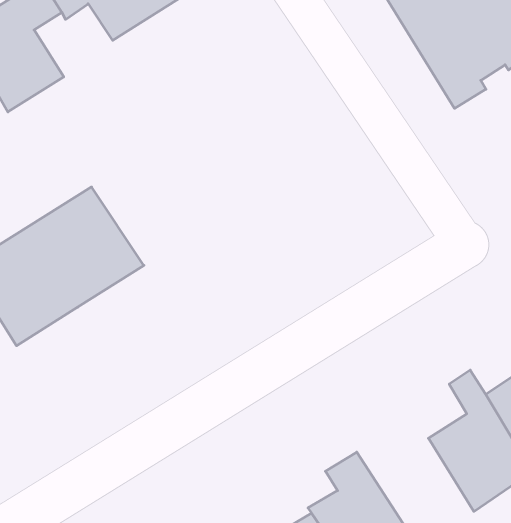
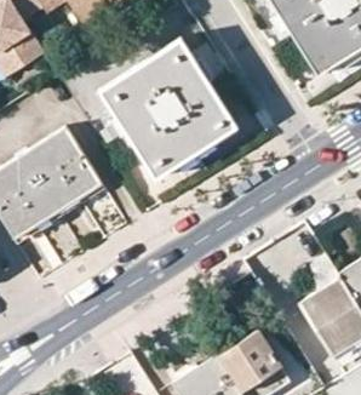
building: none -> [101,41,236,181]

